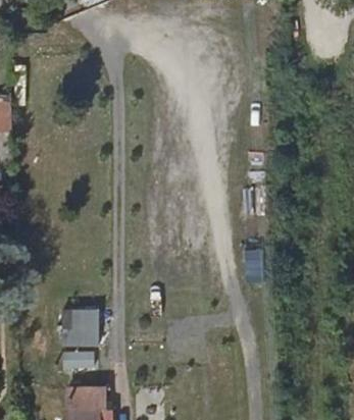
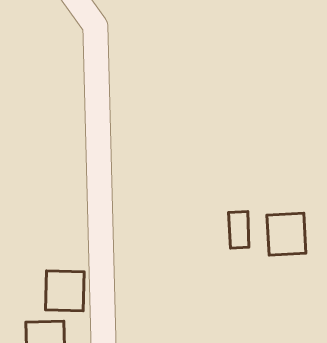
building: none -> [267,213,306,255]

